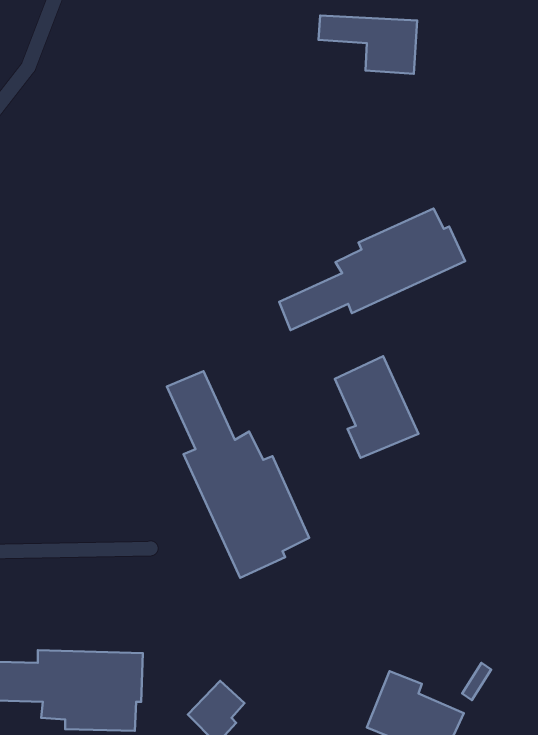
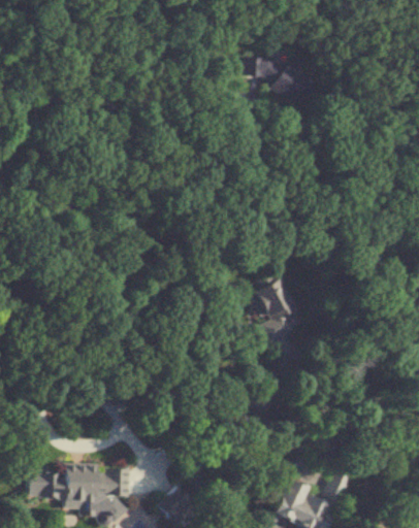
building: [279,208,465,330] -> none
building: [167,371,309,578] -> none

